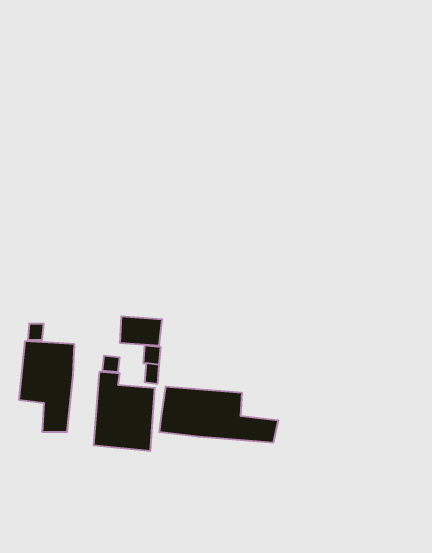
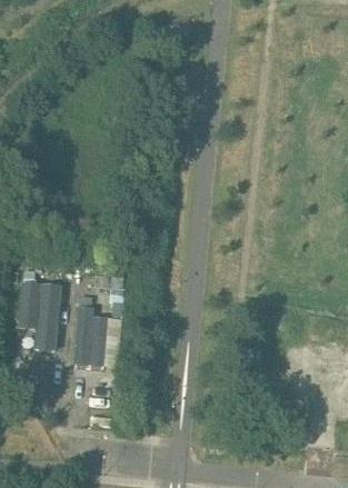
building: [159,386,278,443] -> none

